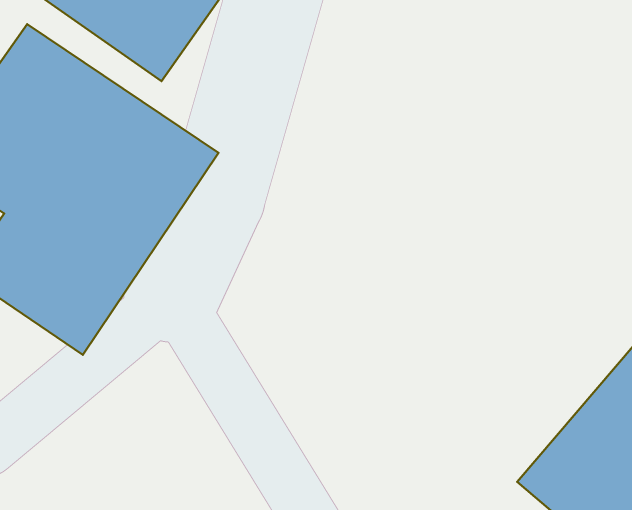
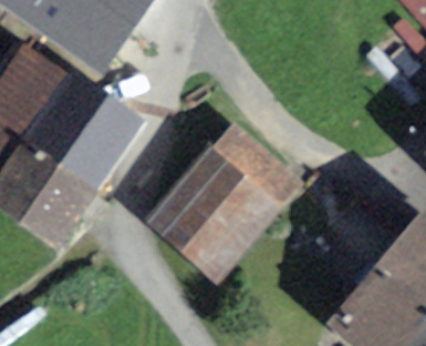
building: none -> [143,143,280,279]

